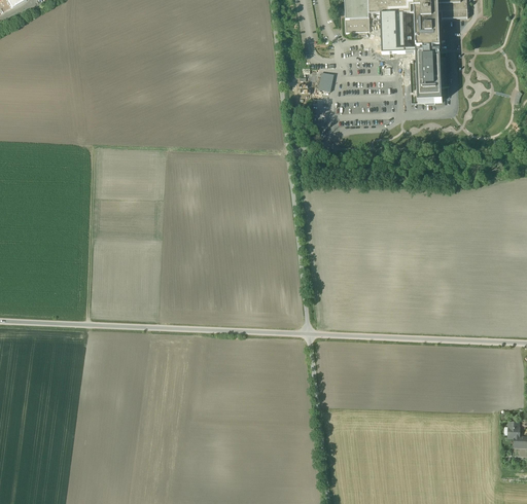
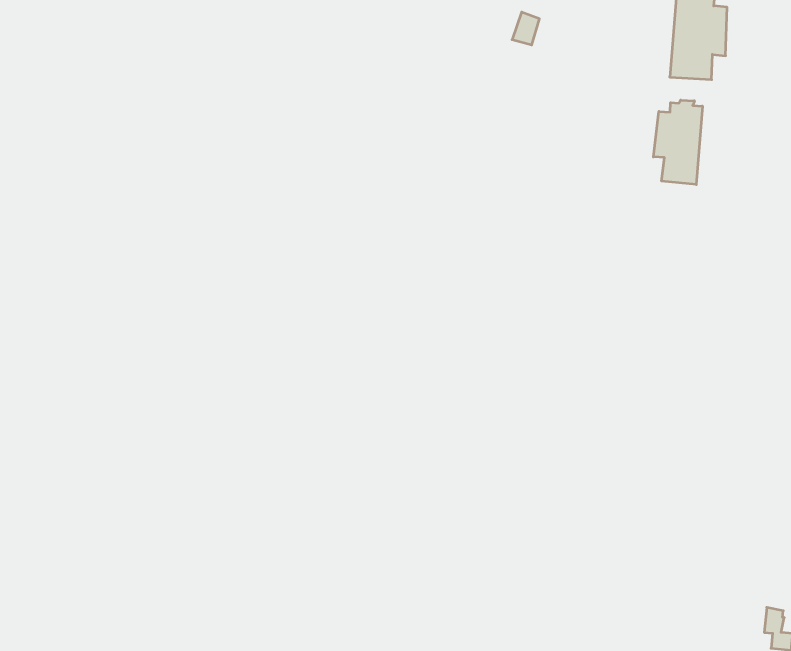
building: none -> [653,100,702,185]

